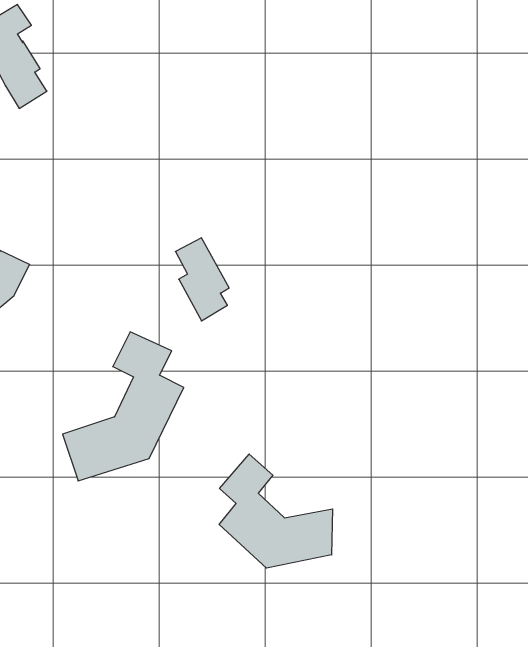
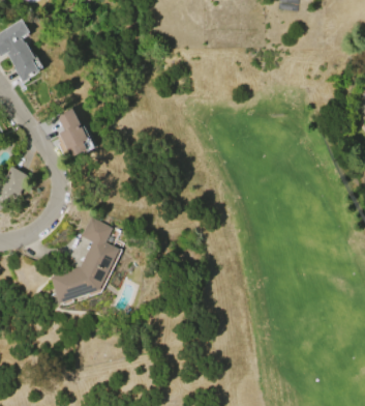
building: [175,238,229,321] -> [57,109,89,158]
building: [219,454,332,568] -> none

